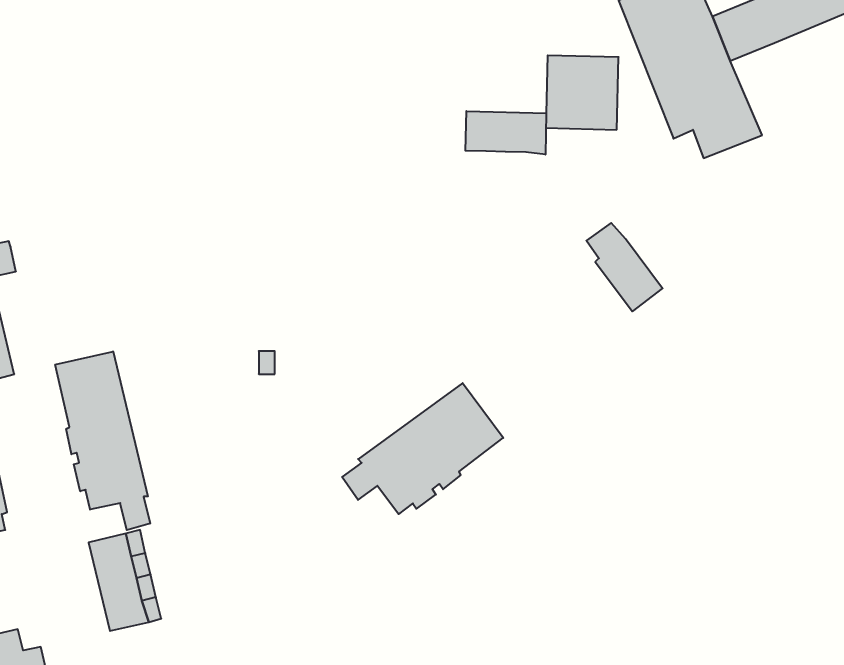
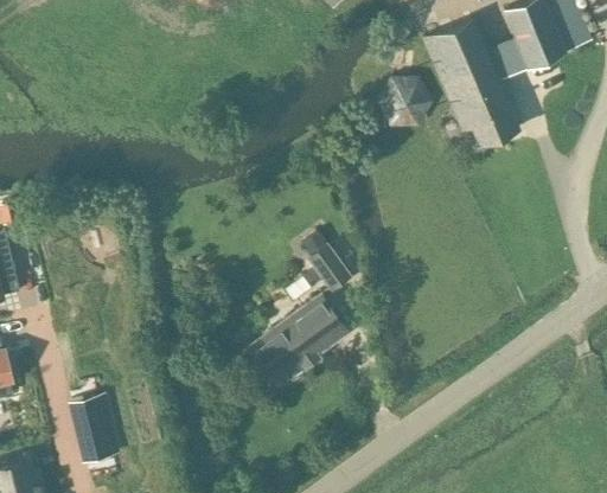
building: [465,111,546,155] -> none
building: [586,223,663,311] -> [300,232,351,292]
building: [55,351,150,530] -> none

